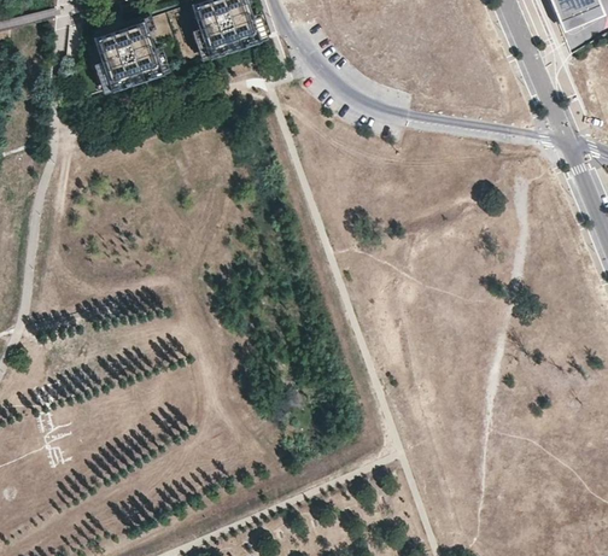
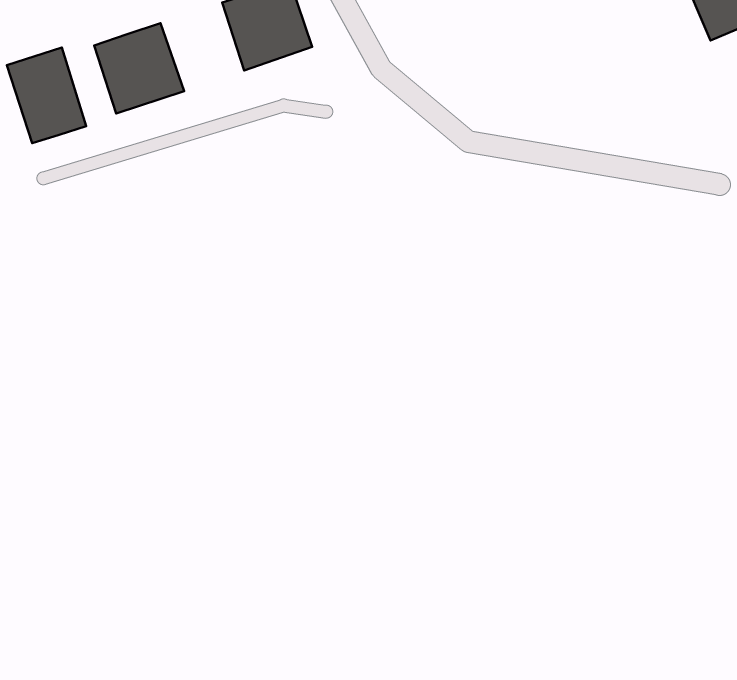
building: none -> [7,47,86,143]

